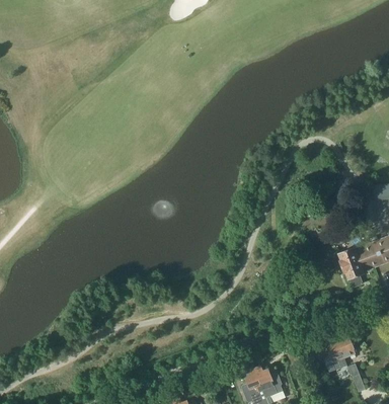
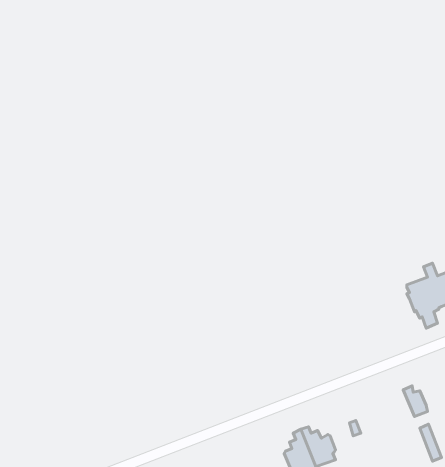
building: [324,336,346,371] -> none

